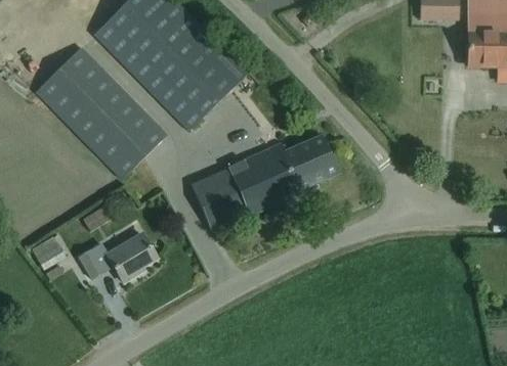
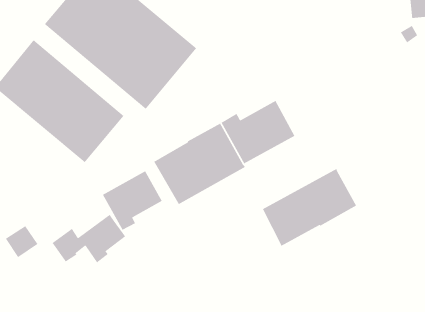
building: none -> [102,170,163,231]
building: none -> [262,168,357,247]

